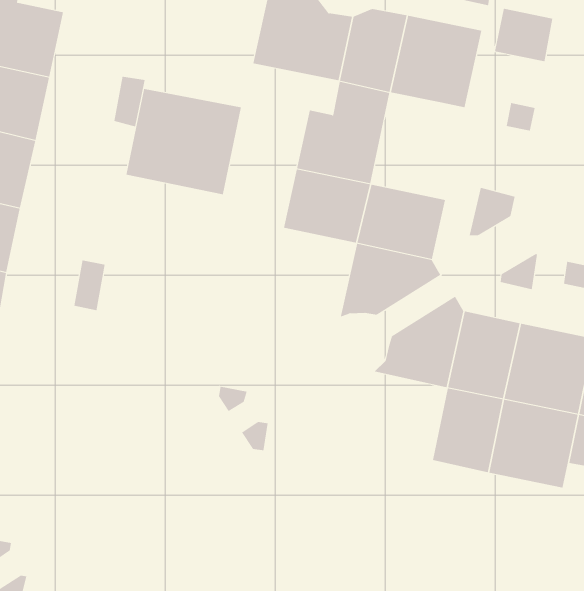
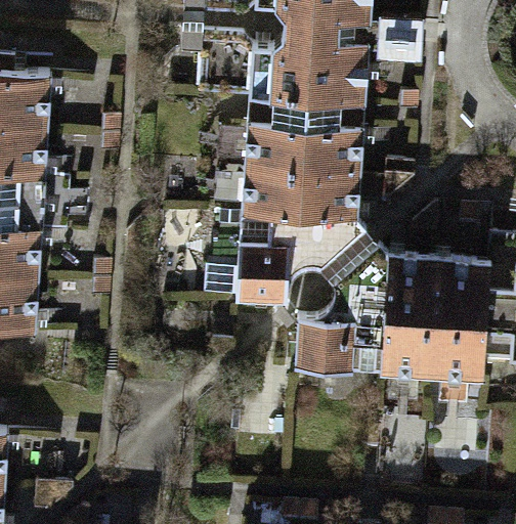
building: [126,88,241,195] -> none
building: none -> [302,101,363,176]
building: none -> [234,216,298,304]
building: none -> [295,314,383,375]

